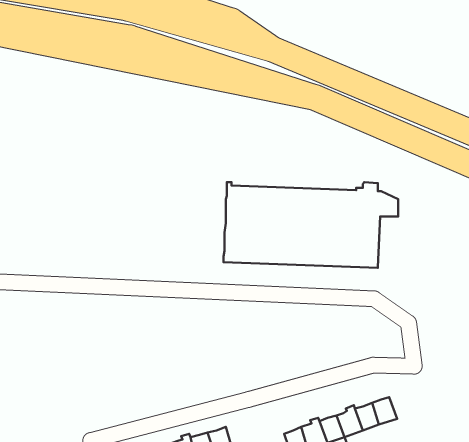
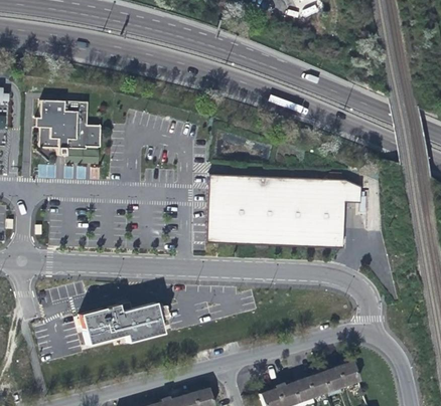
building: none -> [35,100,101,156]
building: none -> [80,299,169,345]

